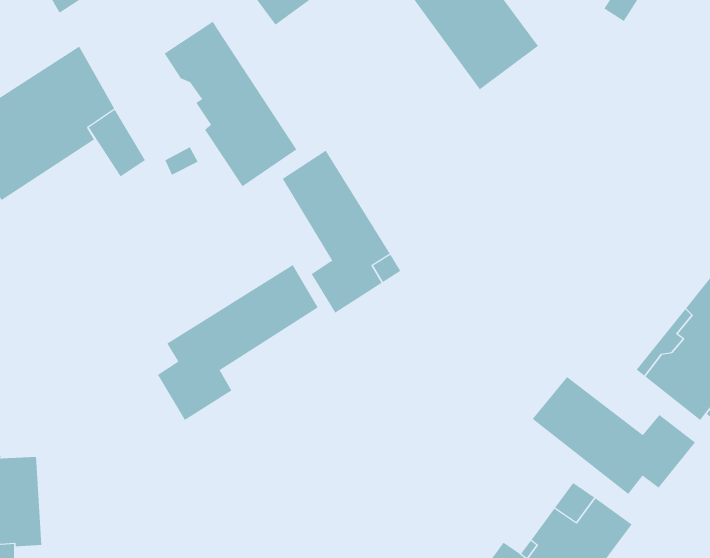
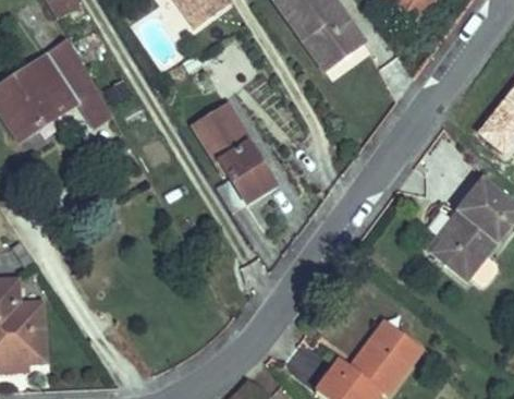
building: [164,21,297,187] -> none
building: [157,264,318,421] -> none
building: [532,376,696,495] -> none

